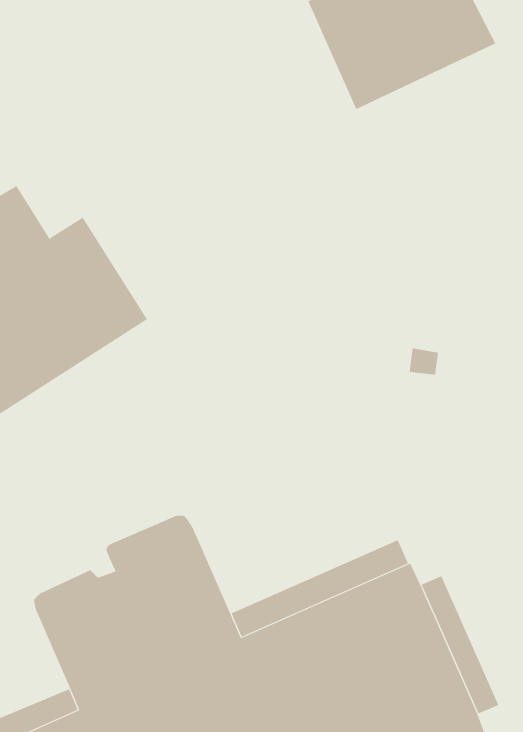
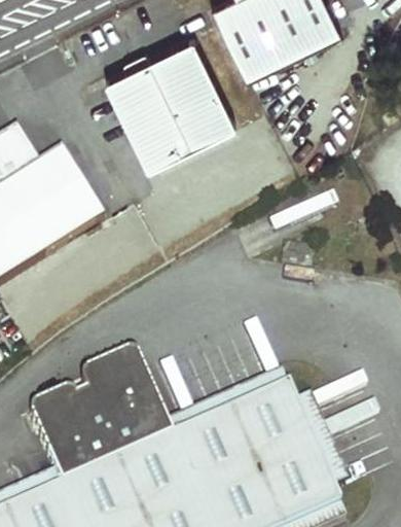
building: none -> [104,35,238,167]

